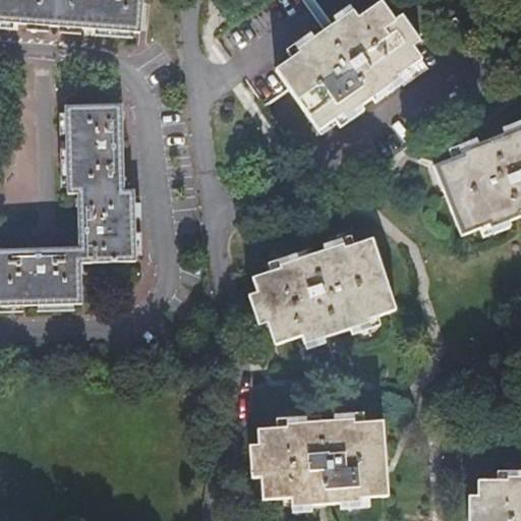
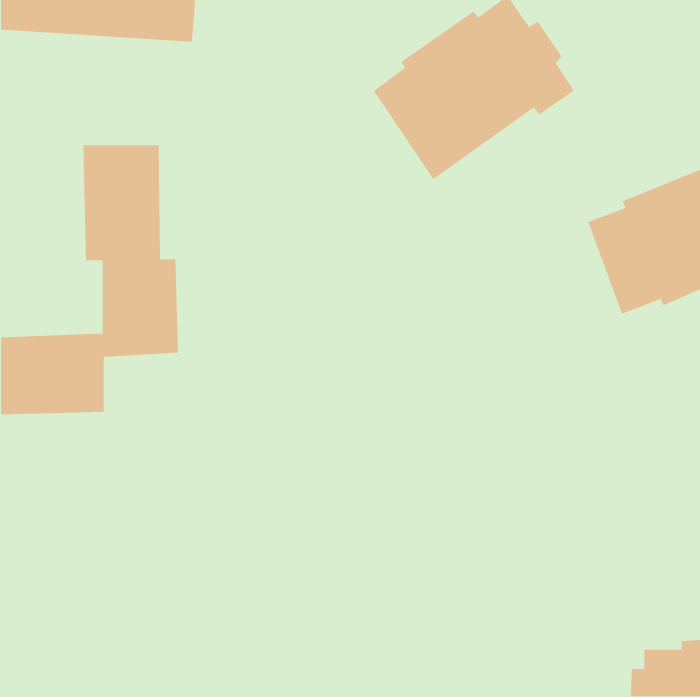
building: [248,236,392,342] -> none
building: [250,416,389,504] -> none

